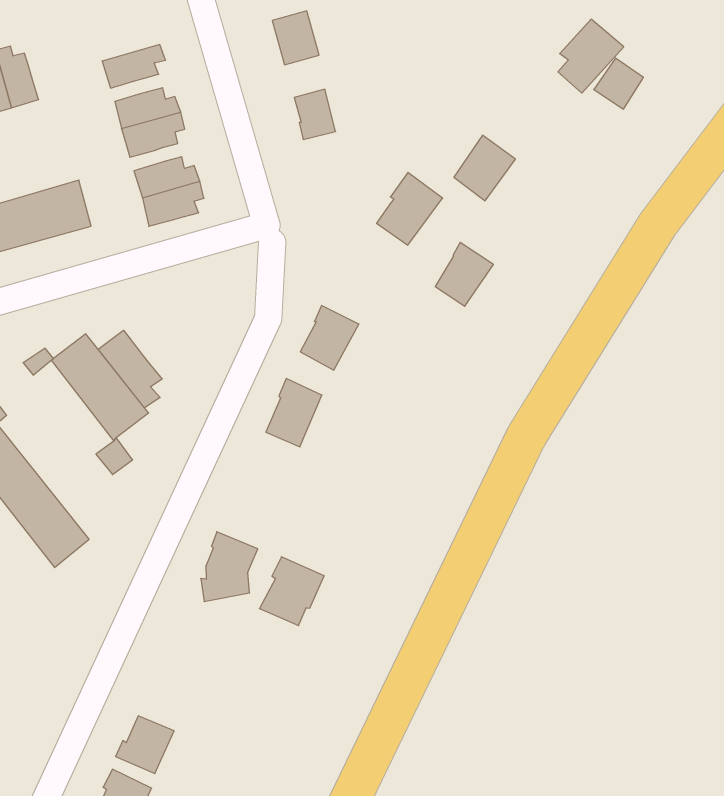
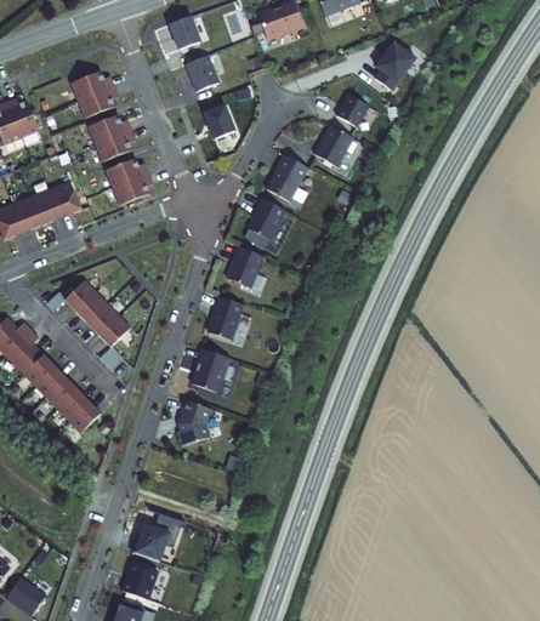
building: none -> [70,72,114,102]
building: [594,58,643,109] -> [336,95,368,127]
building: [435,242,493,306] -> [249,199,285,240]
building: [98,330,162,408] -> none
building: [259,557,324,626] -> [191,348,231,392]

